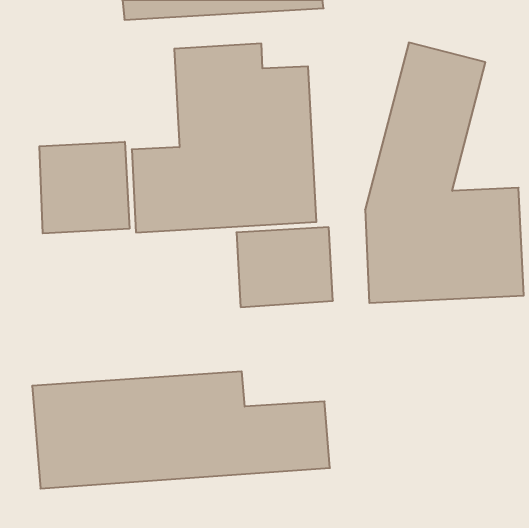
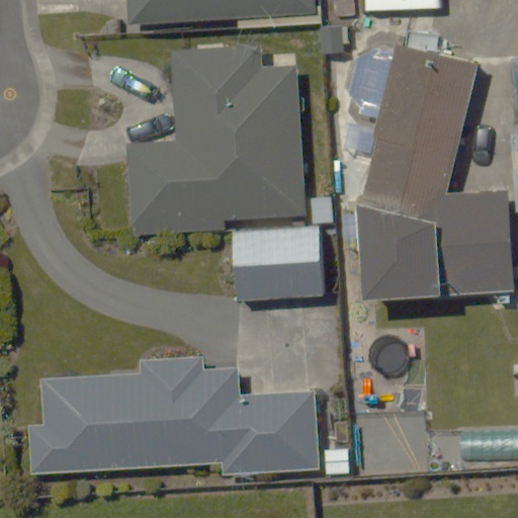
building: [39,142,129,233] -> none

